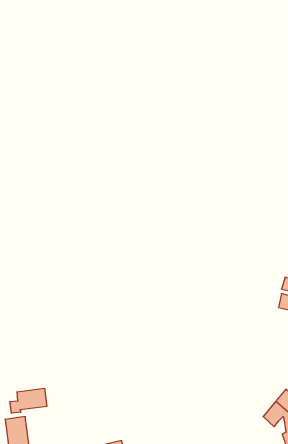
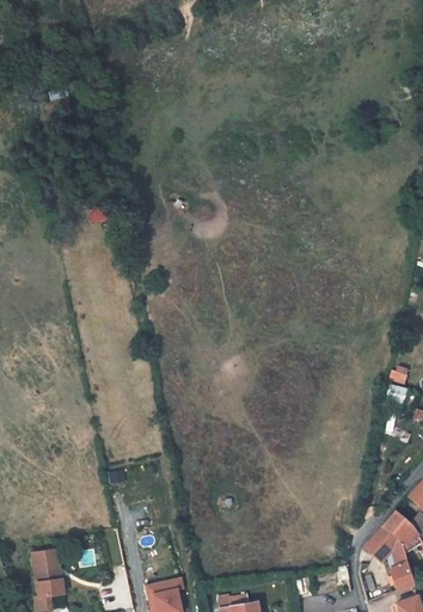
building: [10,388,47,413] -> none

